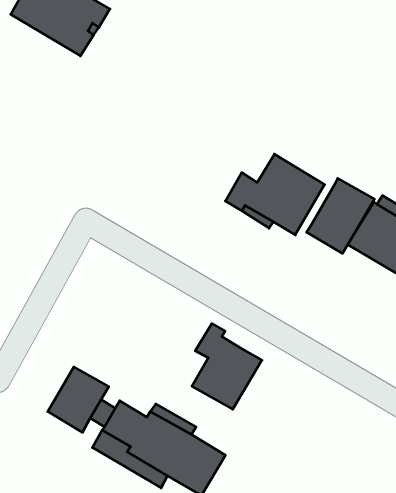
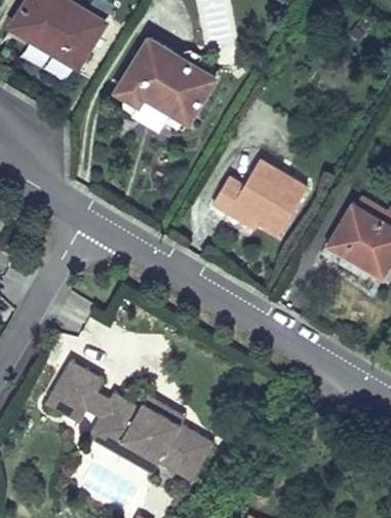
building: none -> [118,39,213,122]
building: [307,178,374,253] -> none
building: [192,324,262,409] -> none

